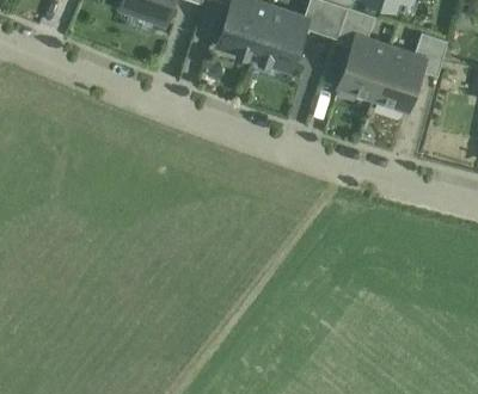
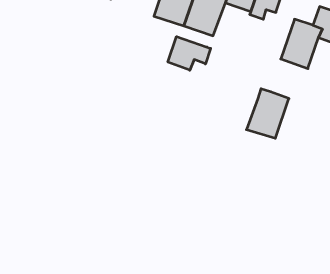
building: [339,35,392,96] -> [246,89,289,138]
building: none -> [168,37,211,70]

